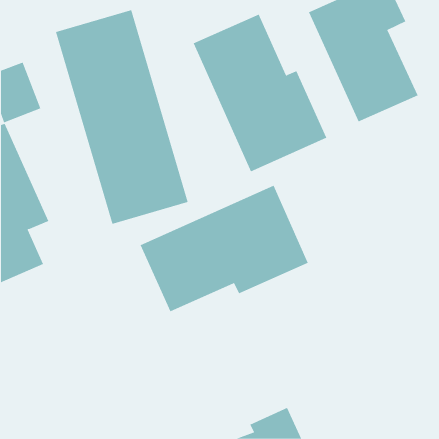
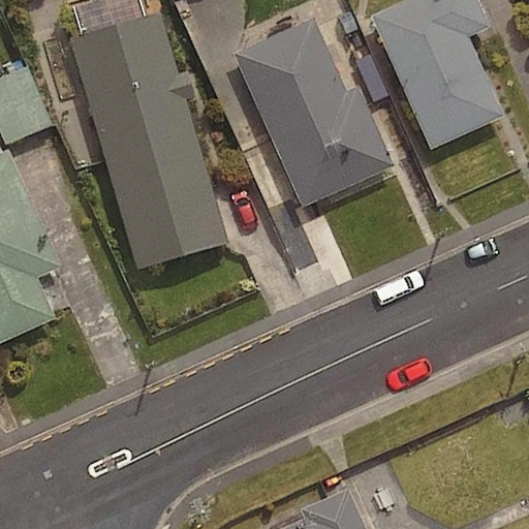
building: [140,185,308,312] -> none

